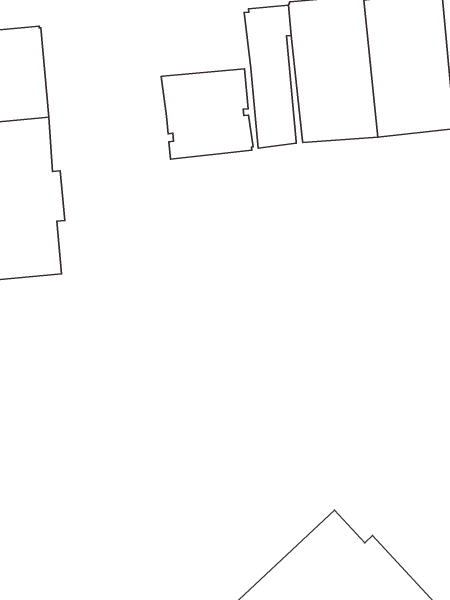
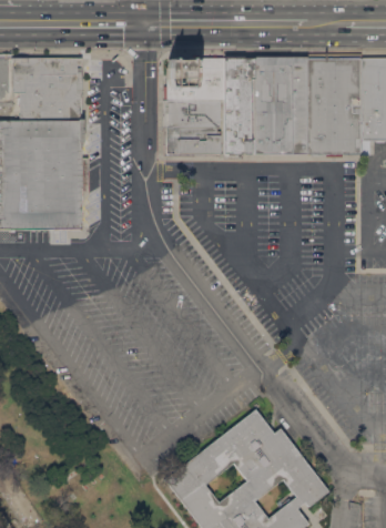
building: none -> [164,60,225,100]

